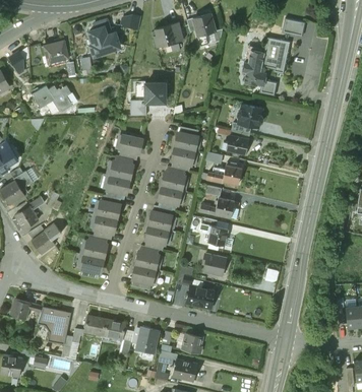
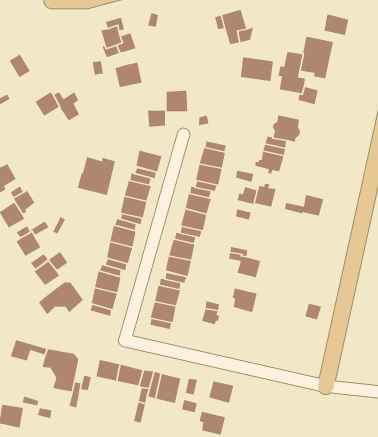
building: [153,21,185,50] -> none
building: [44,41,68,63] -> [114,62,143,88]
building: none -> [240,56,274,82]
building: none -> [77,156,116,196]
building: [199,198,234,217] -> [284,194,324,216]
building: none -> [38,281,84,315]
building: [186,286,214,308] -> none

